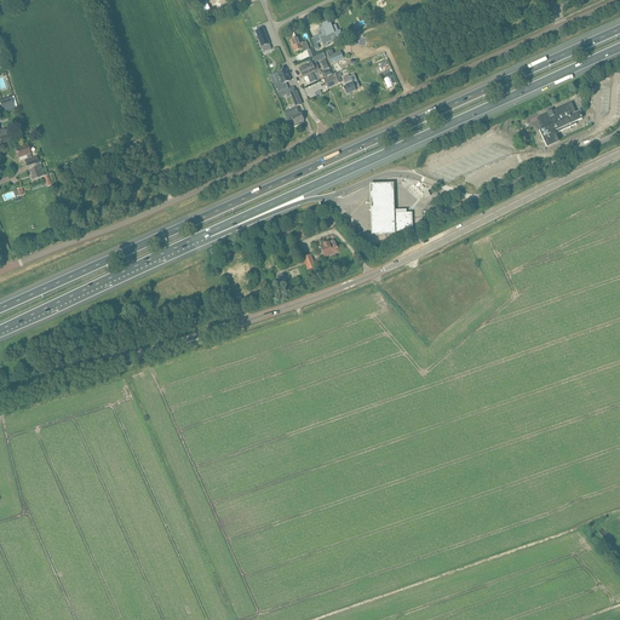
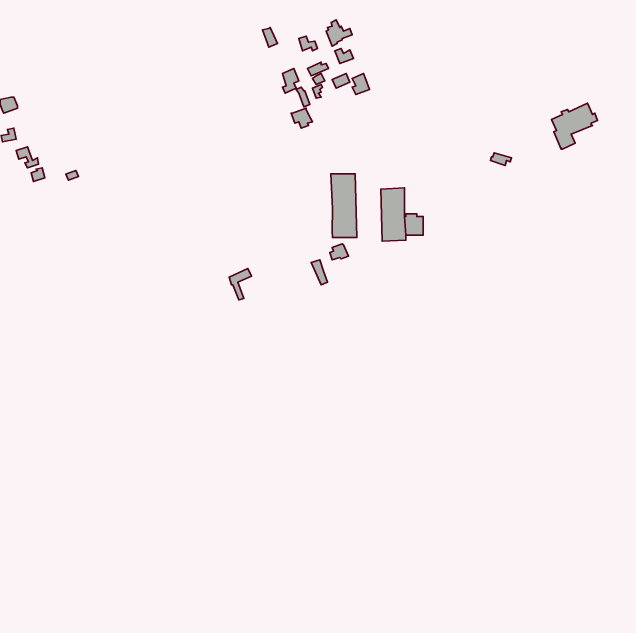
building: none -> [331,174,357,237]

